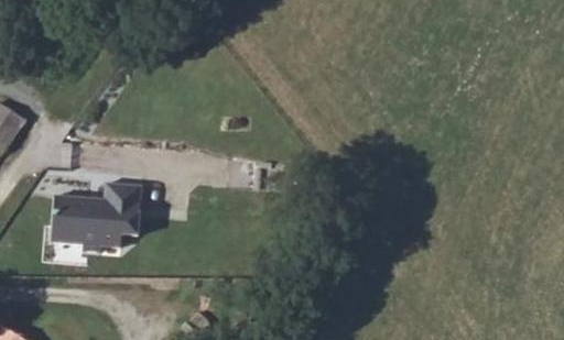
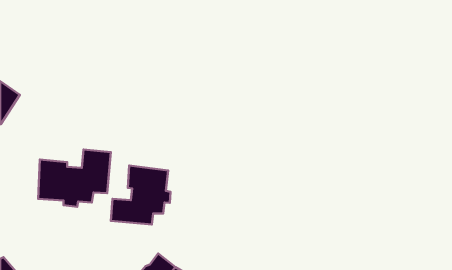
building: none -> [111,166,170,224]

